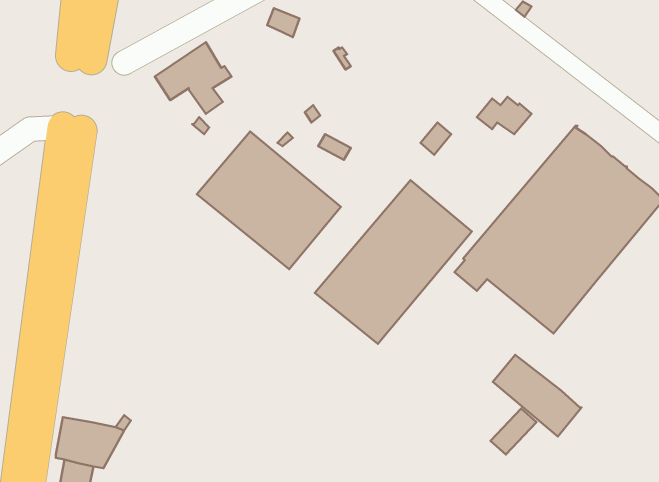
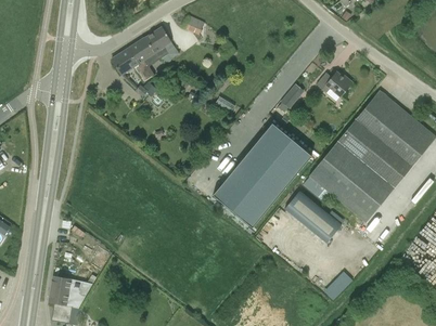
building: none -> [144,26,179,63]
building: [197,131,341,269] -> none
building: [493,355,582,436] -> [285,191,342,243]

